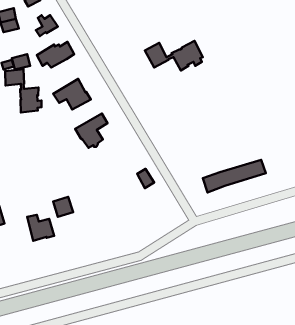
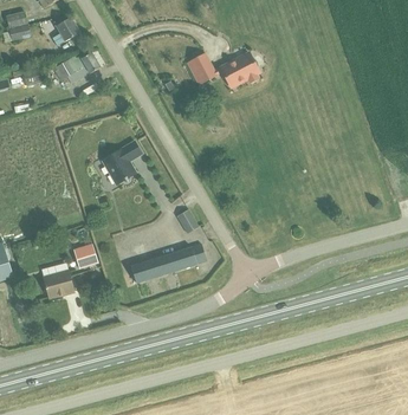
building: [5,69,41,112] -> none
building: [53,79,91,110] -> none
building: [203,160,266,192] -> [130,244,208,284]

